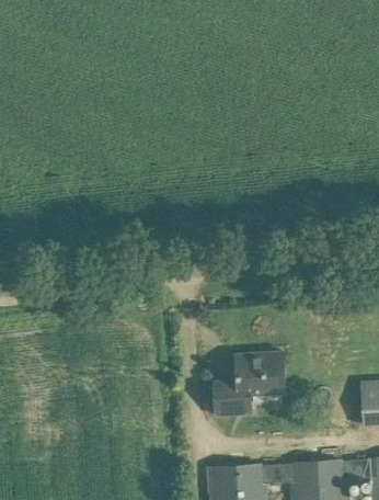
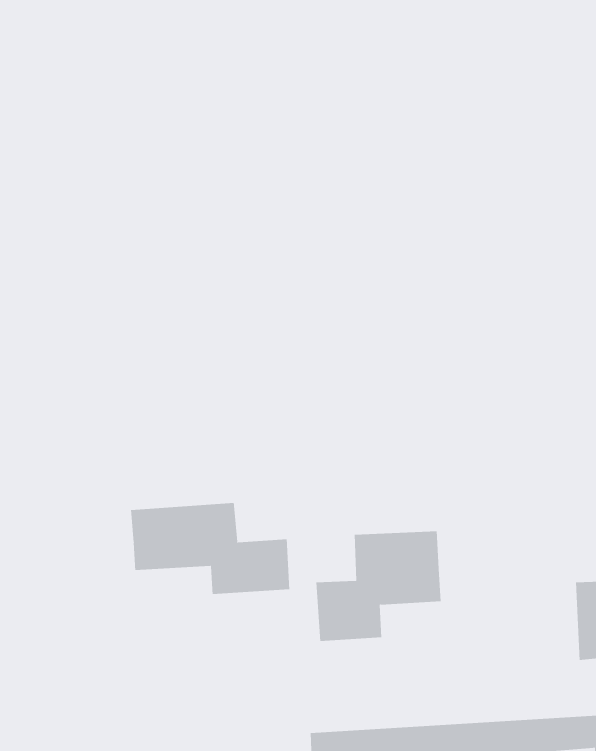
building: none -> [131,502,290,595]

